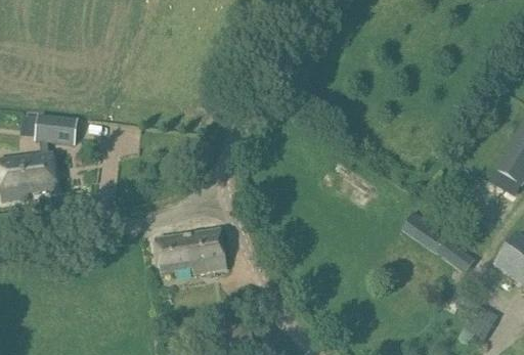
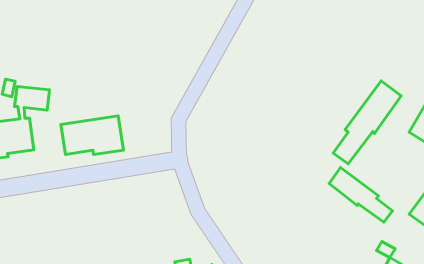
building: none -> [333,81,401,164]
building: [155,229,227,274] -> [61,116,124,155]

